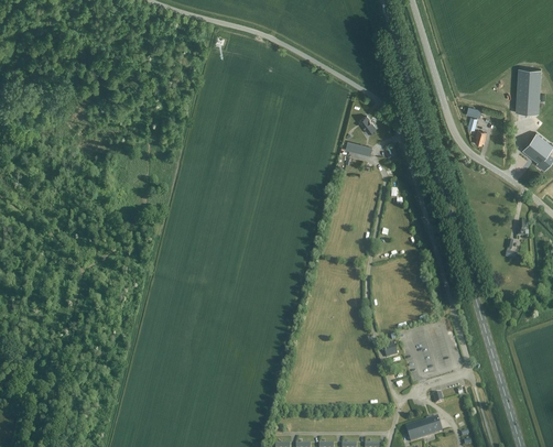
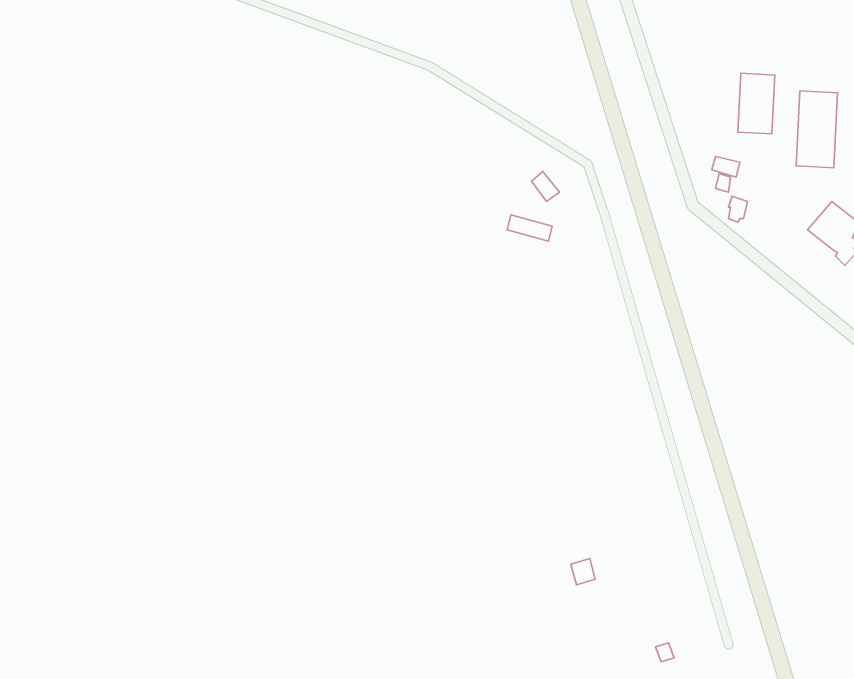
building: none -> [738,73,775,134]

